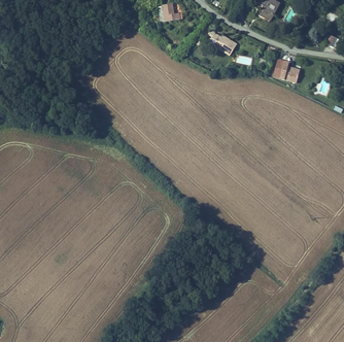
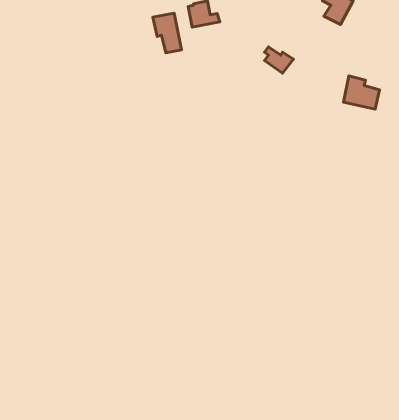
building: none -> [153,13,181,53]

